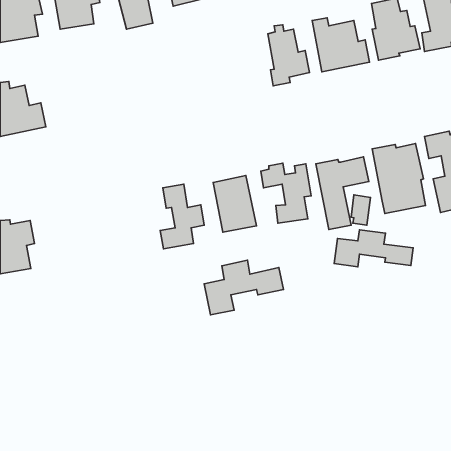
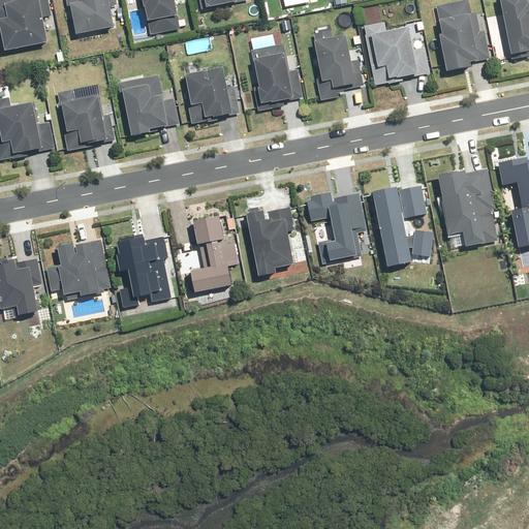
building: none -> [250,33,303,102]
building: none -> [182,58,241,124]
building: none -> [119,74,179,135]
building: none -> [57,86,117,149]
building: none -> [111,232,173,307]
building: none -> [51,238,112,293]
building: [334,230,413,267] -> none
building: [204,260,284,315] -> none

